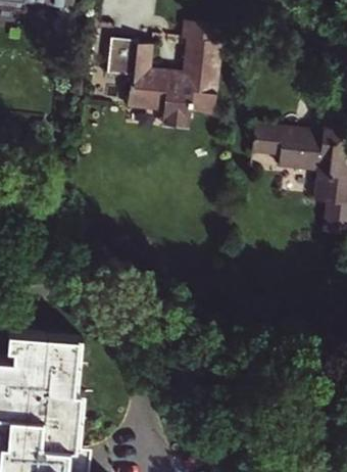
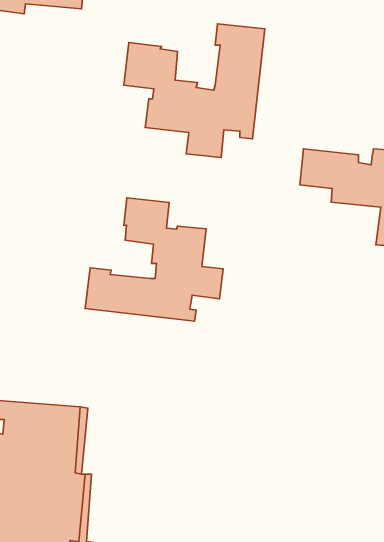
building: none -> [85,198,223,321]

